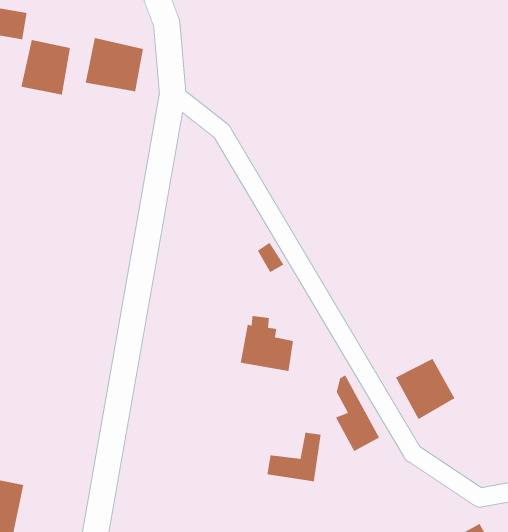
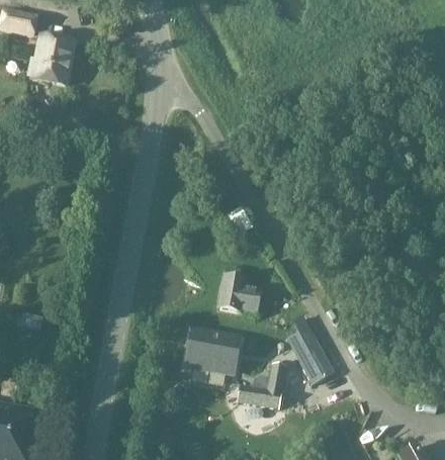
building: [85,37,144,92] -> none
building: [395,358,455,420] -> none
building: none -> [185,330,238,373]

